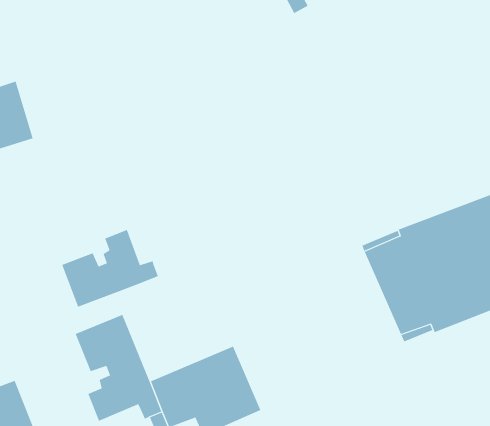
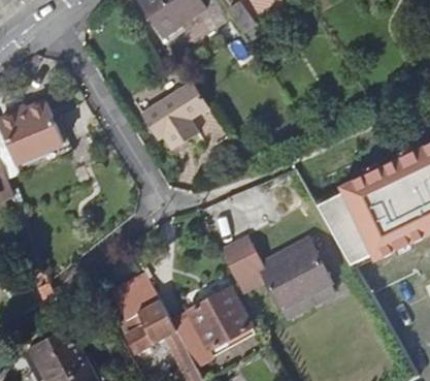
building: none -> [140,82,209,152]
building: [62,229,158,307] -> none
building: none -> [217,234,329,309]

